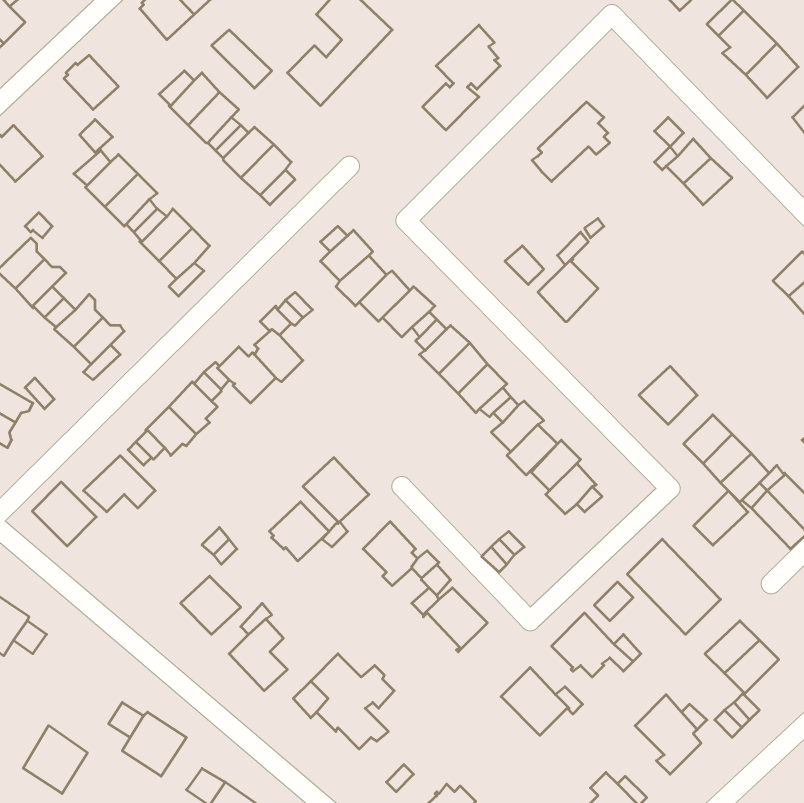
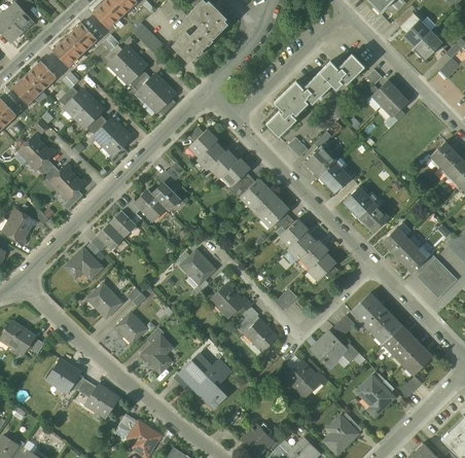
building: [423,25,500,130] -> [266,81,308,137]
building: none -> [67,24,97,54]
building: none -> [336,55,364,83]
building: none -> [27,62,57,91]
building: none -> [320,162,351,193]
building: none -> [344,187,374,217]
building: [32,482,96,546] -> [87,284,121,318]
building: [694,491,748,545] -> [383,325,412,354]
building: [269,502,329,561] -> none
building: [23,726,87,794] -> [46,358,80,394]

